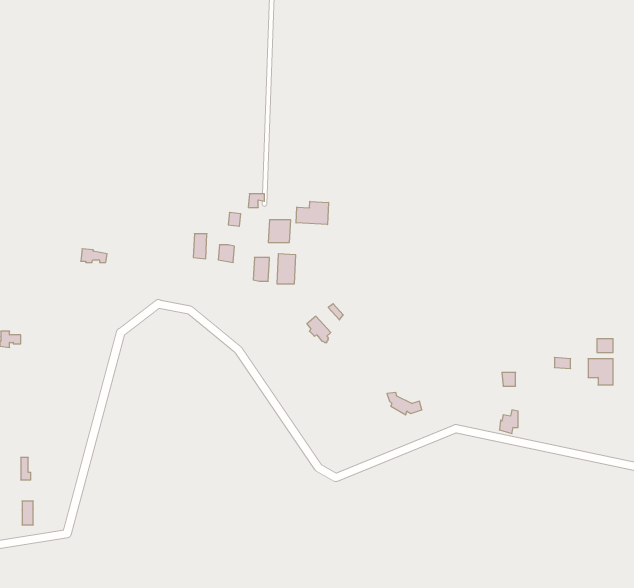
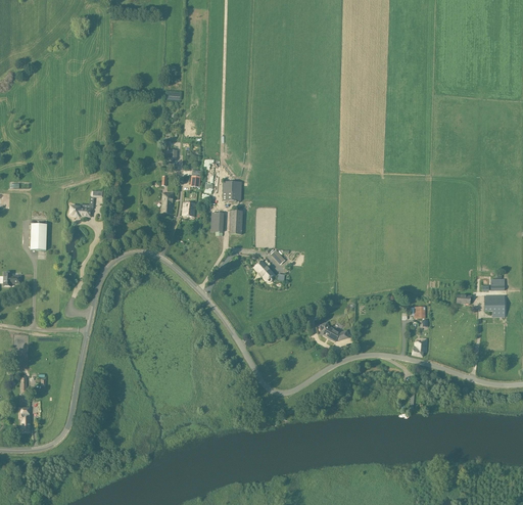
building: [296,201,329,225] -> none
building: none -> [31,223,47,248]

